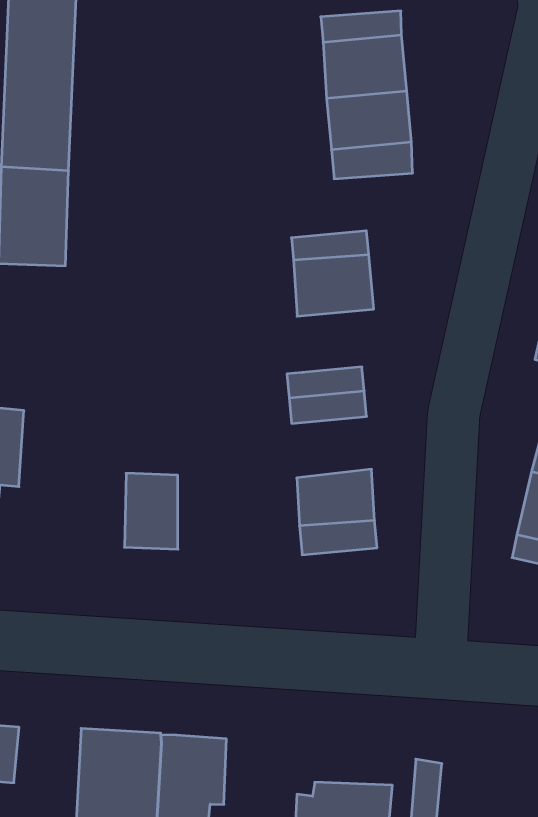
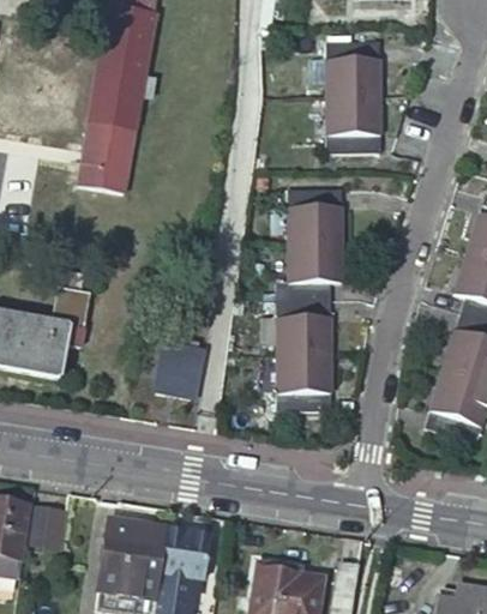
building: none -> [288,243,342,284]
building: none -> [277,318,330,356]

